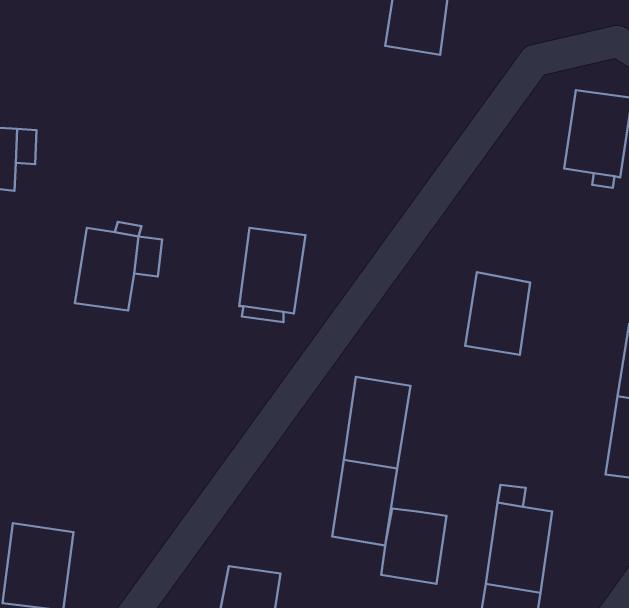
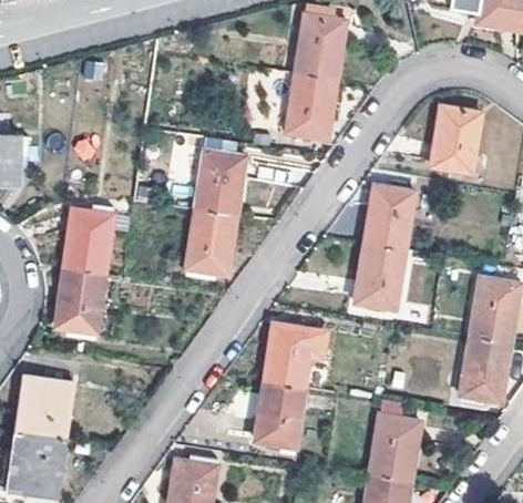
building: none -> [288,73,337,137]
building: none -> [194,136,244,215]
building: none -> [365,183,414,250]
building: none -> [53,266,103,331]
building: none -> [17,374,70,438]
building: [381,509,446,584] -> none

